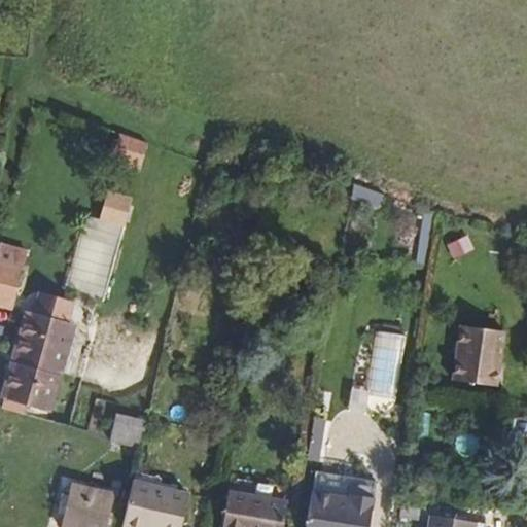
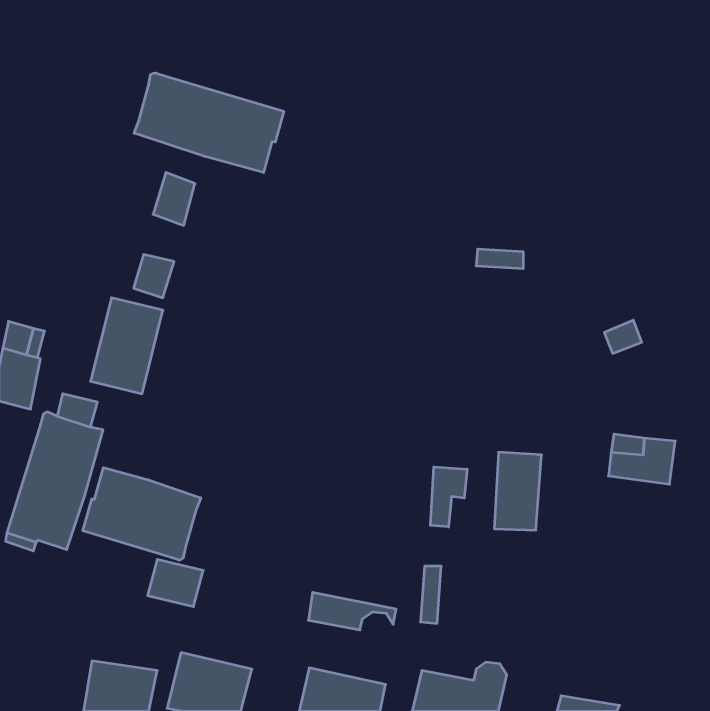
building: none -> [134,73,284,173]
building: none -> [430,467,467,527]
building: none -> [83,468,201,560]
building: [447,352,495,384] -> none
building: [312,476,377,503] -> [308,592,396,630]

